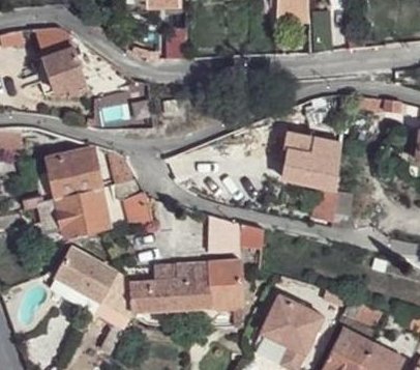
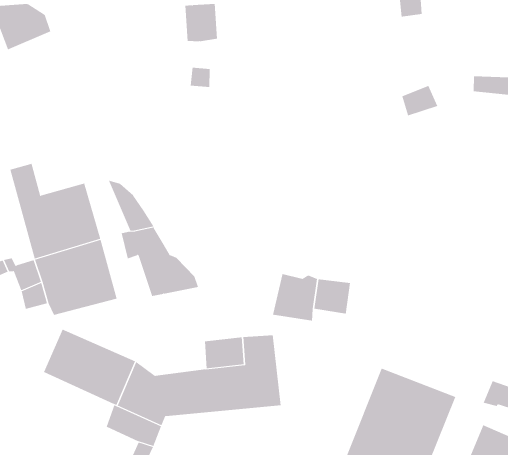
building: [44,49,86,94] -> none
building: [281,135,356,229] -> none
building: [209,260,244,309] -> none

